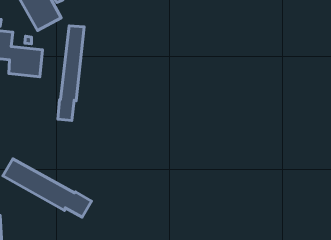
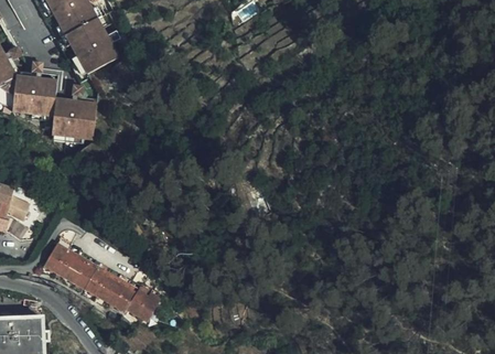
building: [58,26,84,120] -> none

